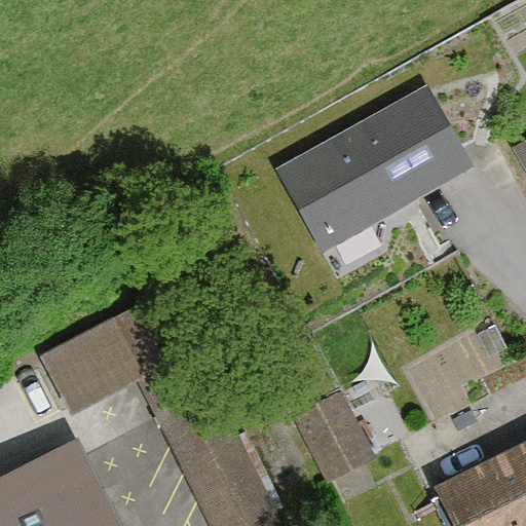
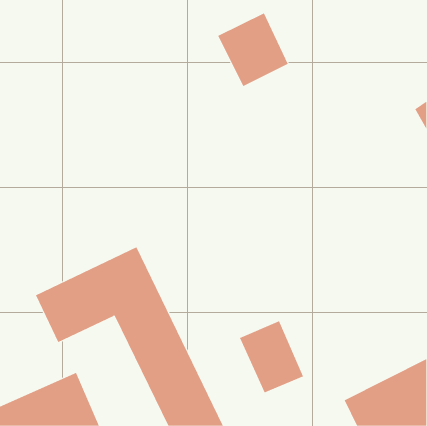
building: none -> [217,12,288,87]
building: [280,91,468,249] -> none

